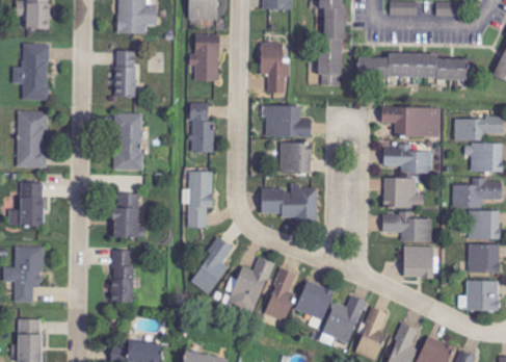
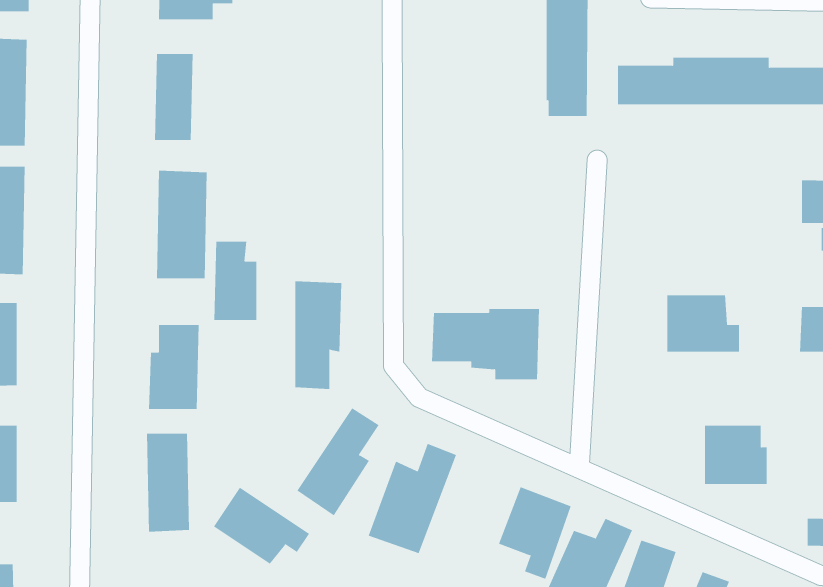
building: [189,33,219,81] -> none
building: [260,42,289,93] -> none
building: [266,105,310,137] -> none
building: [381,107,440,137] -> none
building: [190,110,213,152] -> [214,241,257,320]
building: [279,143,311,173] -> none
building: [382,146,432,174] -> none
building: [382,213,431,242] -> none
building: [264,267,298,319] -> none
building: none -> [213,487,310,565]

